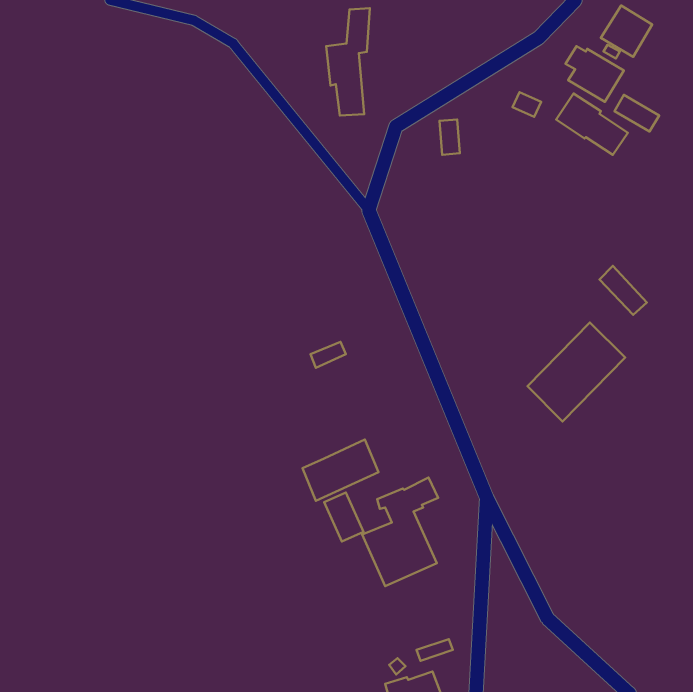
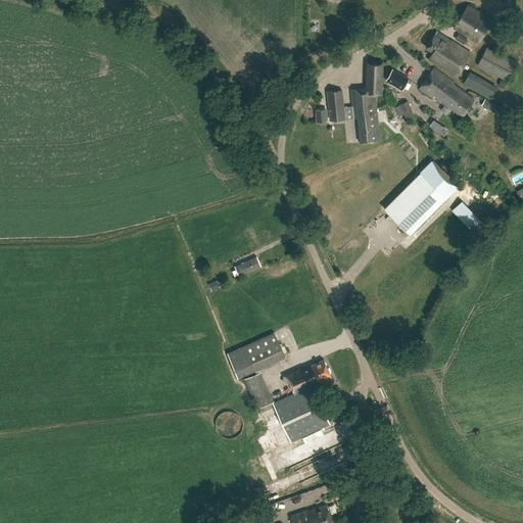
building: [326,8,370,115] -> [350,62,383,143]
building: none -> [477,47,517,83]
building: [527,322,625,421] -> [385,160,459,235]

